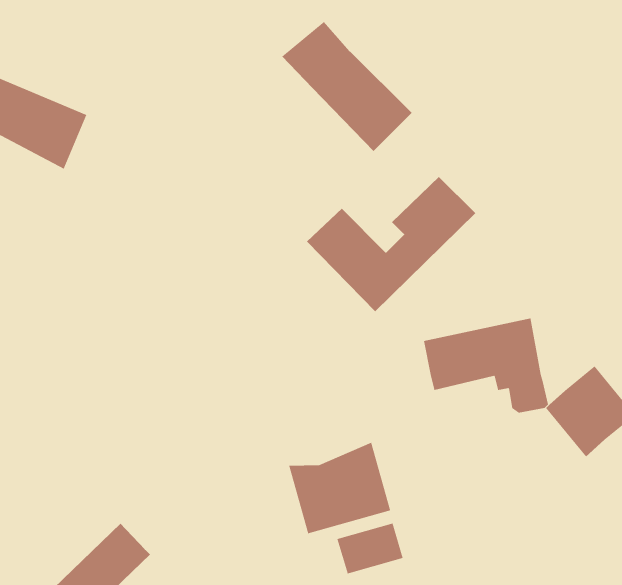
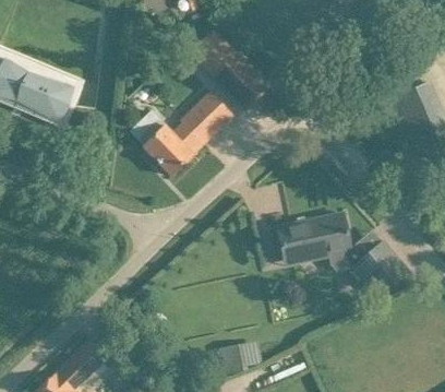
building: [306,176,476,312] -> [130,92,234,176]
building: [289,442,391,534] -> none

